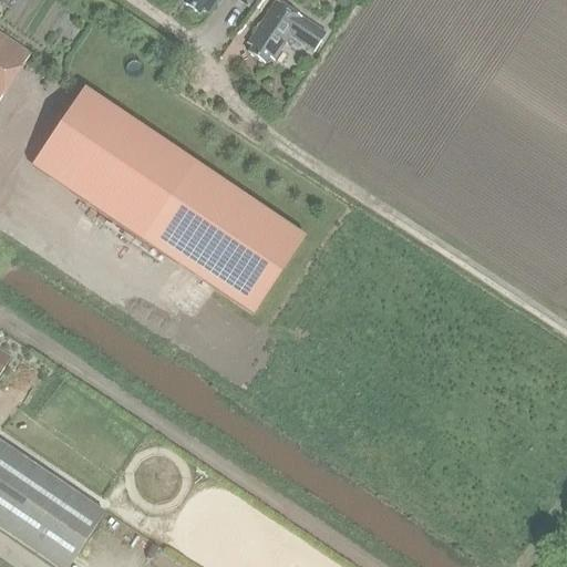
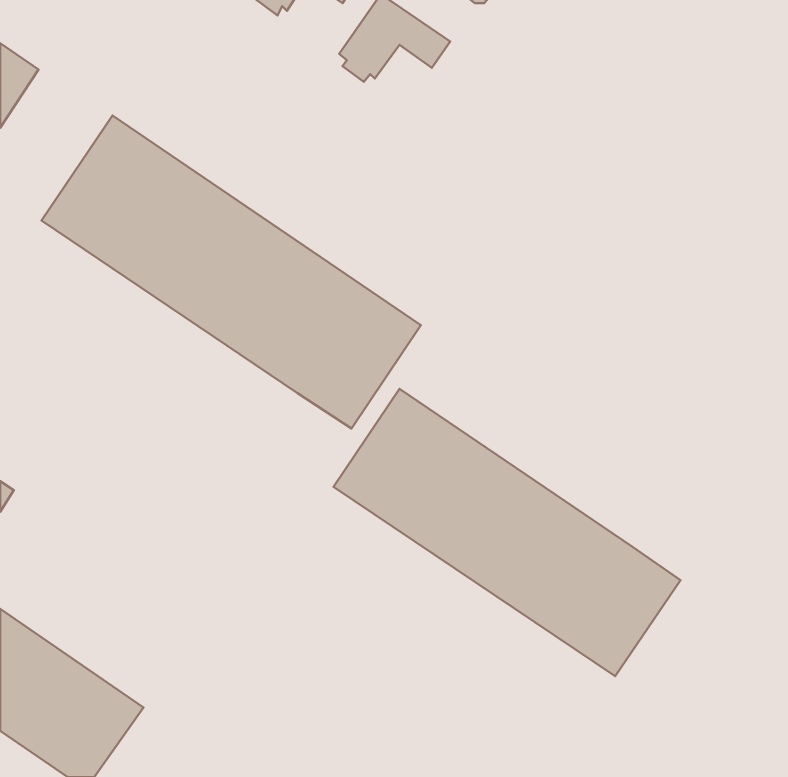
building: none -> [333,389,681,676]

